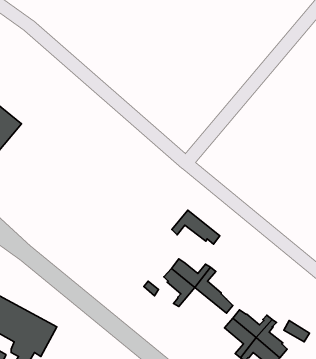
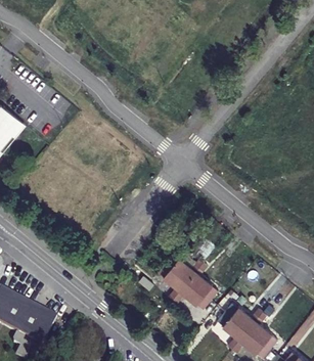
building: [172,210,220,244] -> [173,280,219,313]

